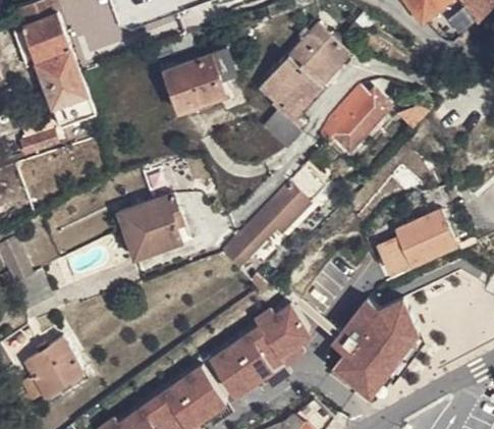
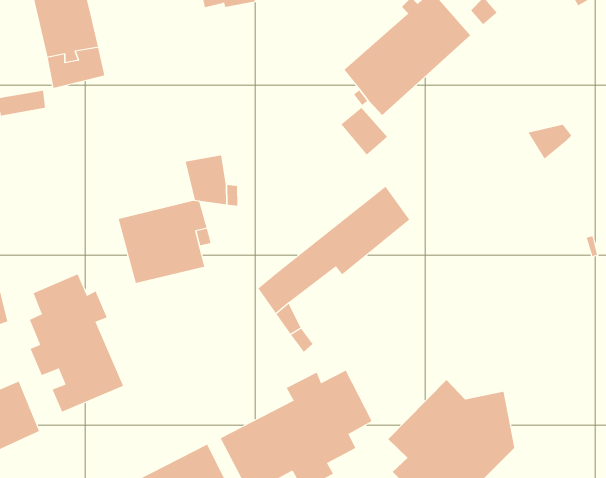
building: [163,50,235,113] -> none
building: [317,90,388,153] -> none
building: [377,212,457,276] -> none
building: none -> [29,274,124,412]

